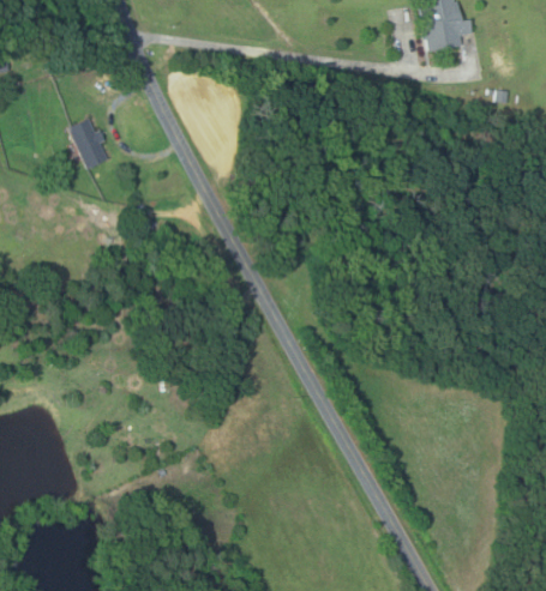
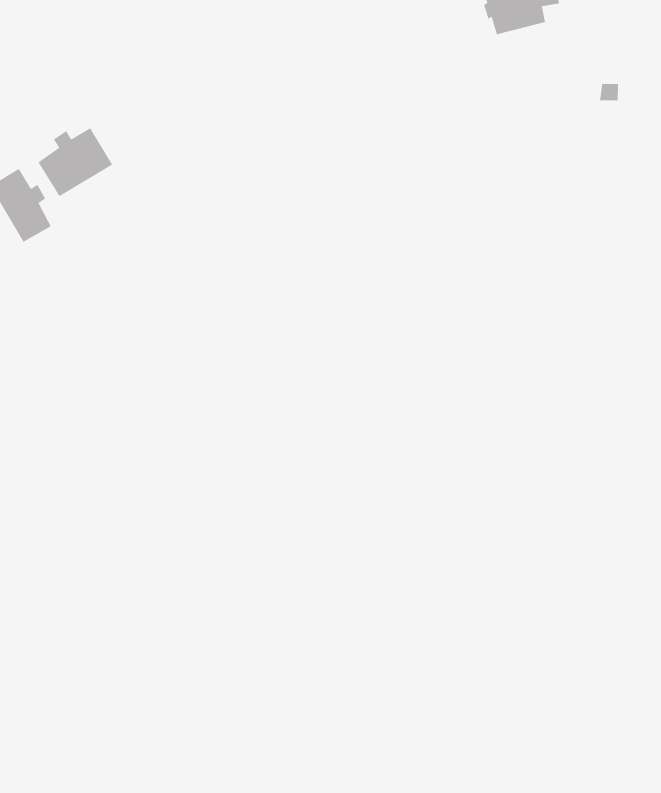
building: none -> [38,127,113,197]

